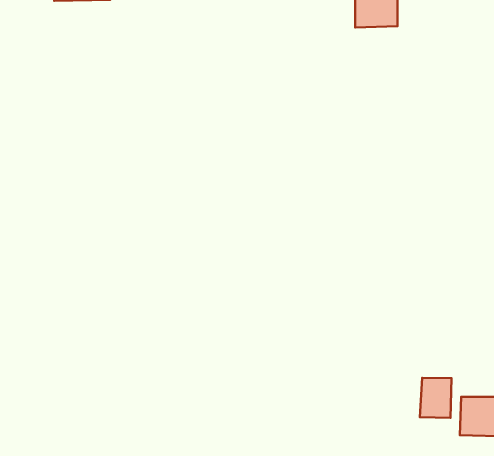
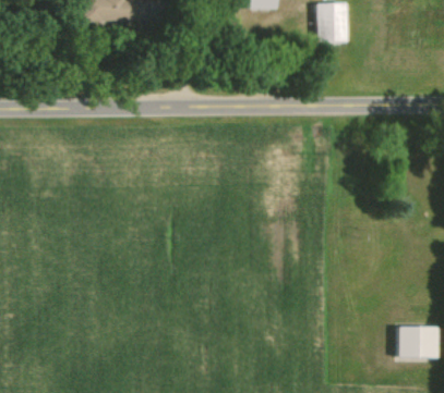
building: [420,378,451,418] -> none

